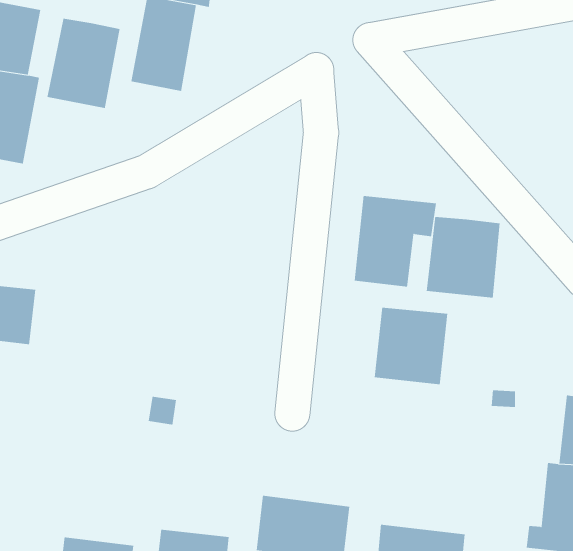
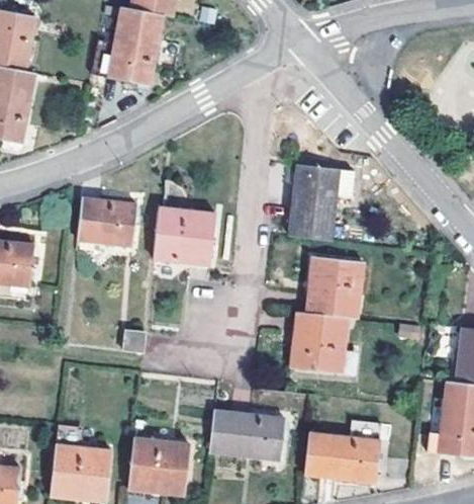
building: [47,18,120,109] -> none
building: [426,216,500,298] -> none
building: none -> [77,197,135,247]
building: none -> [154,207,213,266]
building: none -> [290,312,348,373]

